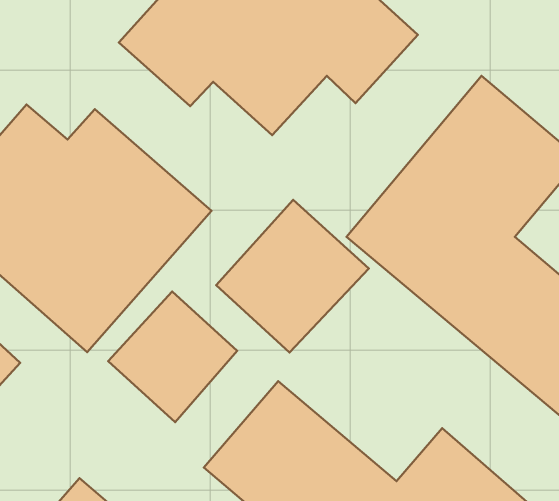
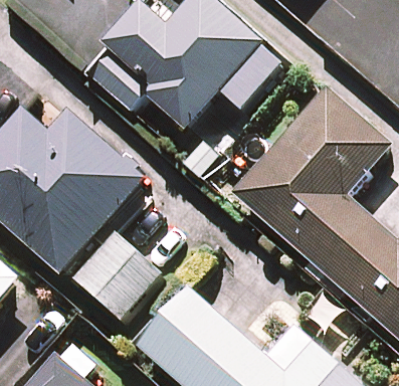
building: [216,200,369,352] -> none

